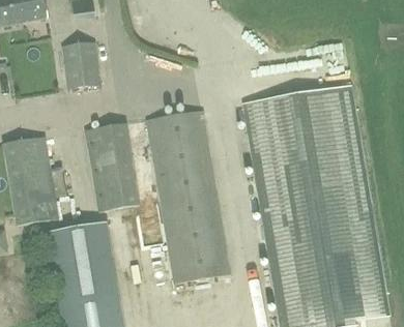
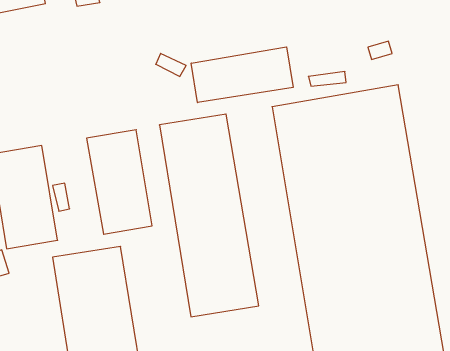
building: [60,41,100,89] -> none
building: none -> [191,47,293,103]

